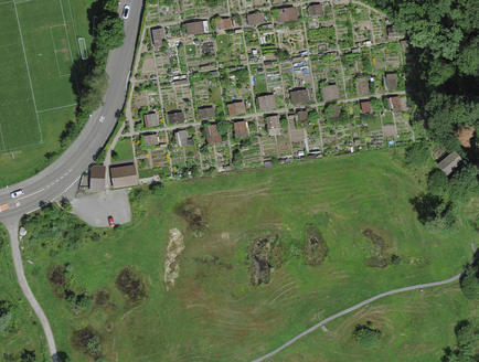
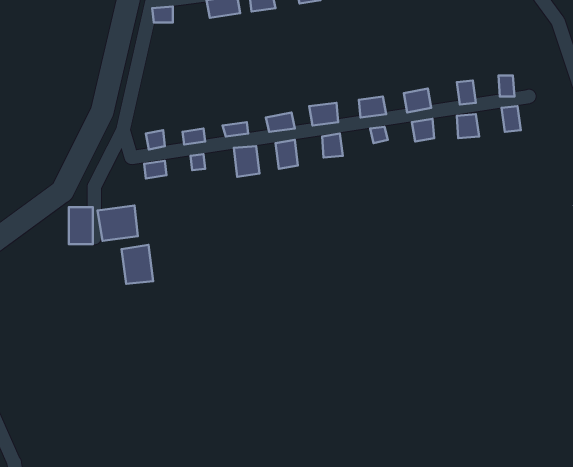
building: none -> [122,245,153,284]

